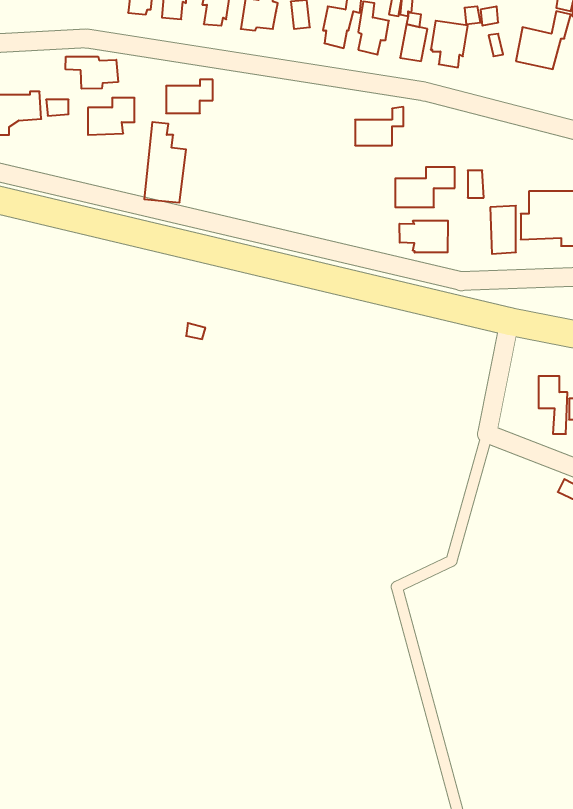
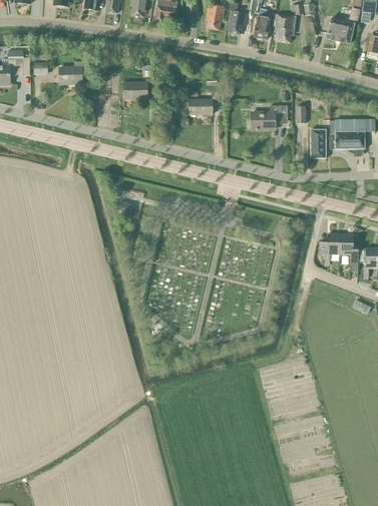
building: [66,57,118,89] -> none
building: [166,80,213,113] -> [124,78,153,99]
building: [355,107,403,145] -> [188,90,219,114]
building: [400,221,448,253] -> none
building: none -> [319,233,340,265]

